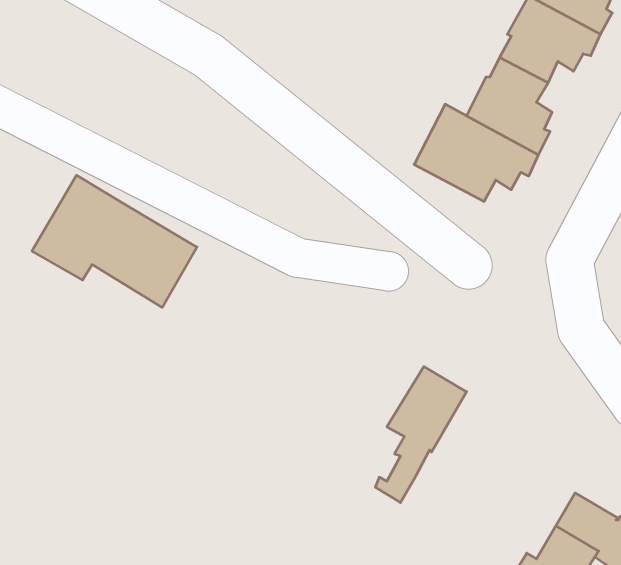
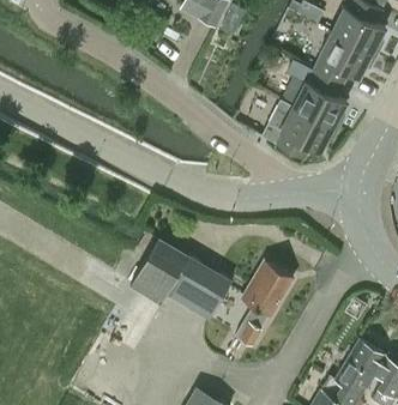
building: [32,175,197,307] -> [132,236,234,318]

